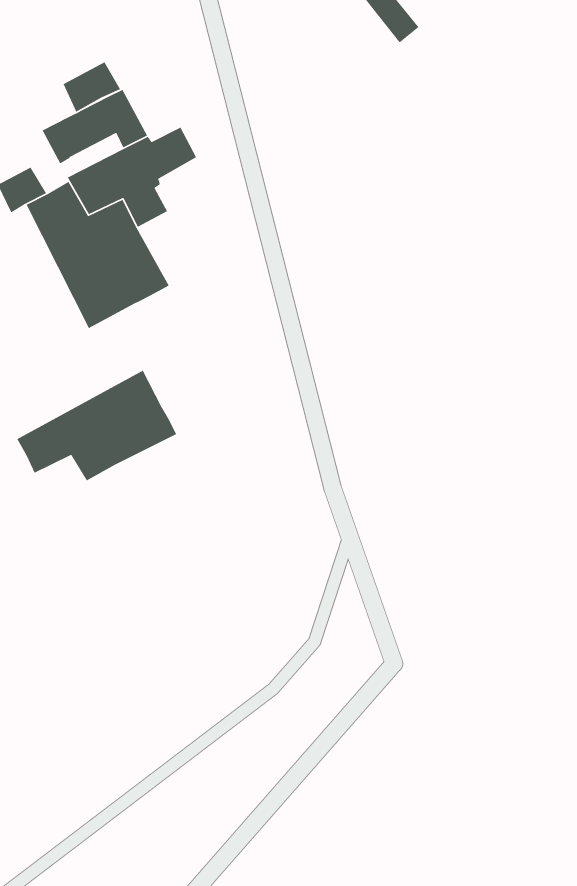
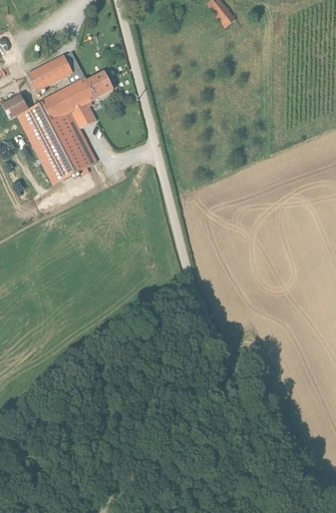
building: [62,61,121,113] -> none
building: [16,370,177,482] -> none

